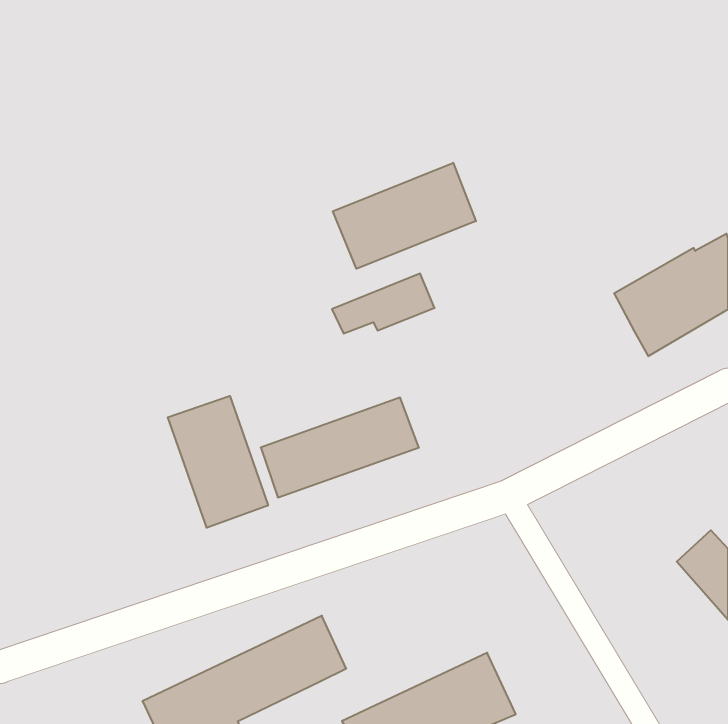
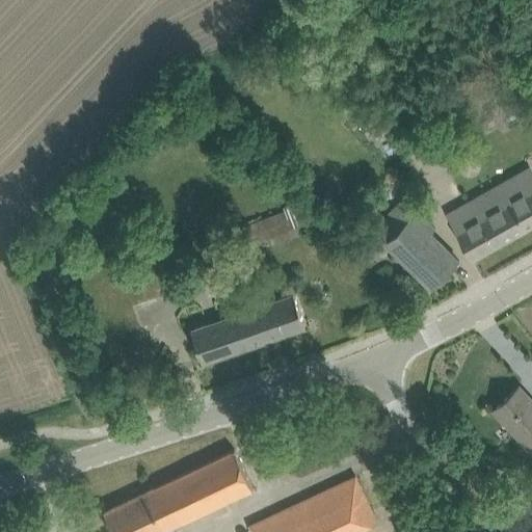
building: [333,163,476,269] -> none
building: none -> [356,202,459,292]
building: [168,396,268,528] -> none

